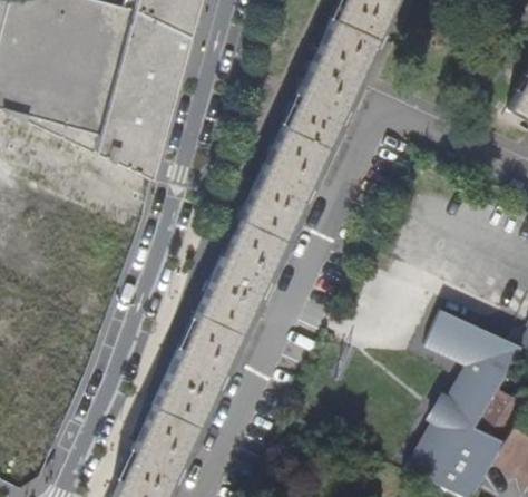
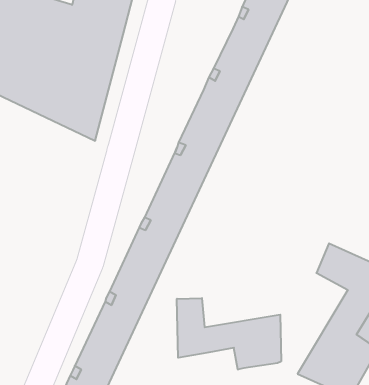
building: none -> [177,298,281,370]

